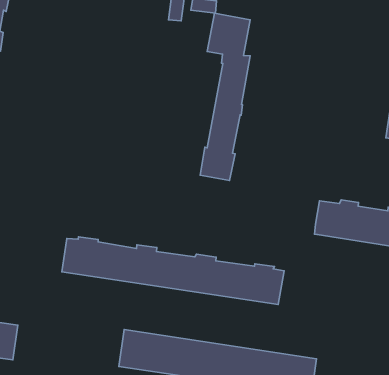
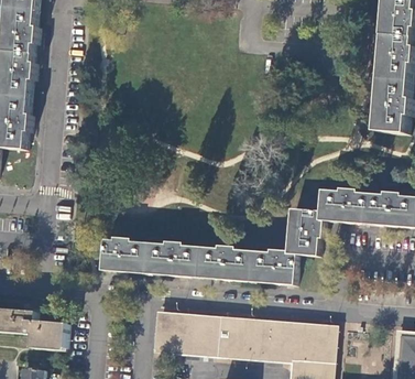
building: [200,13,250,180] -> none
building: none -> [285,209,321,257]

